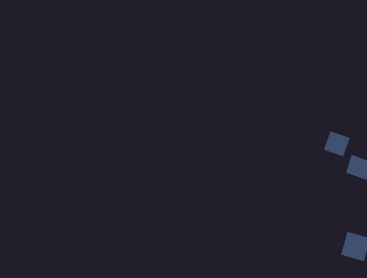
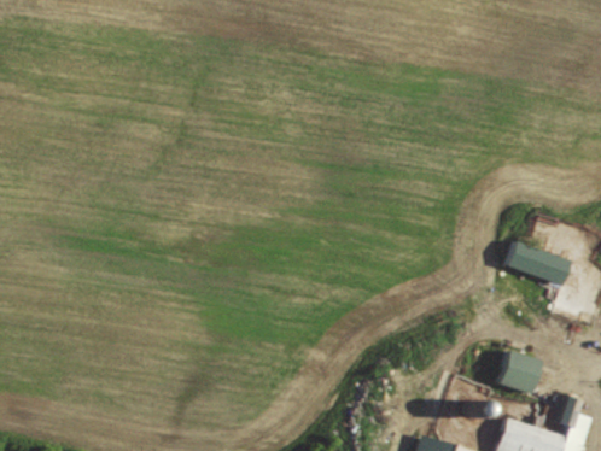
building: [323,130,350,157] -> none

